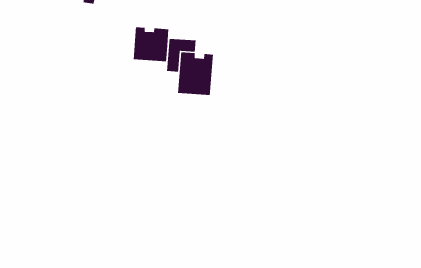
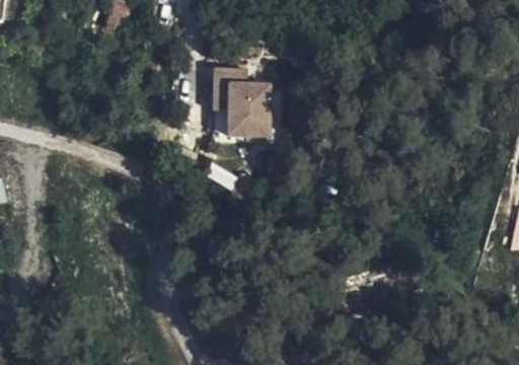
building: [133,26,169,62] -> none

